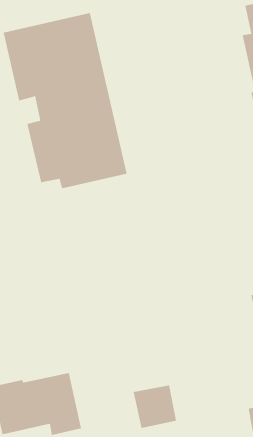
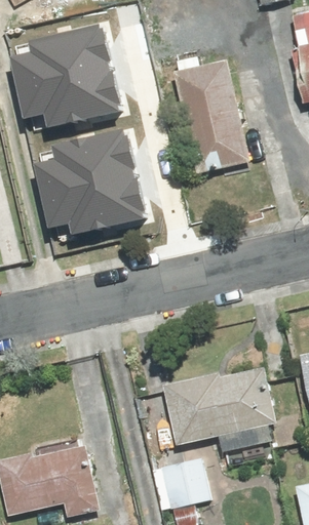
building: none -> [172,50,250,175]
building: none -> [160,367,276,446]

